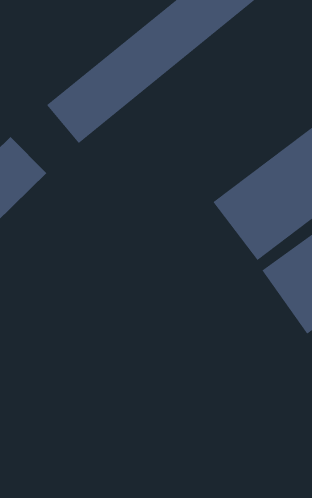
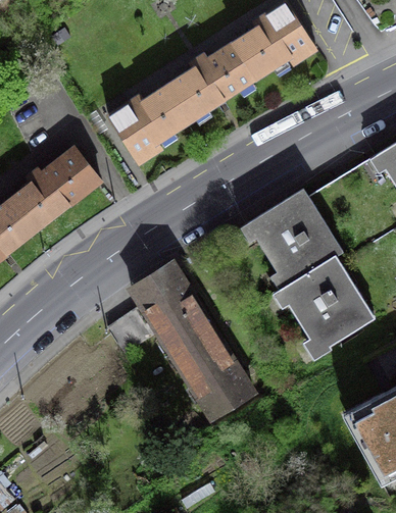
building: none -> [103,264,252,423]

